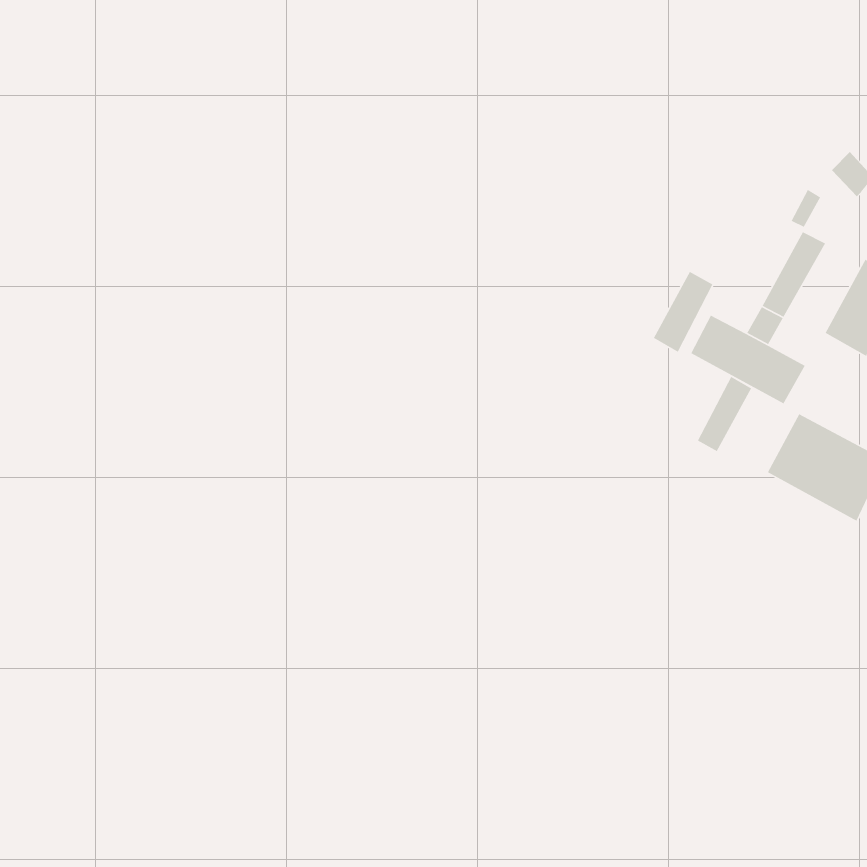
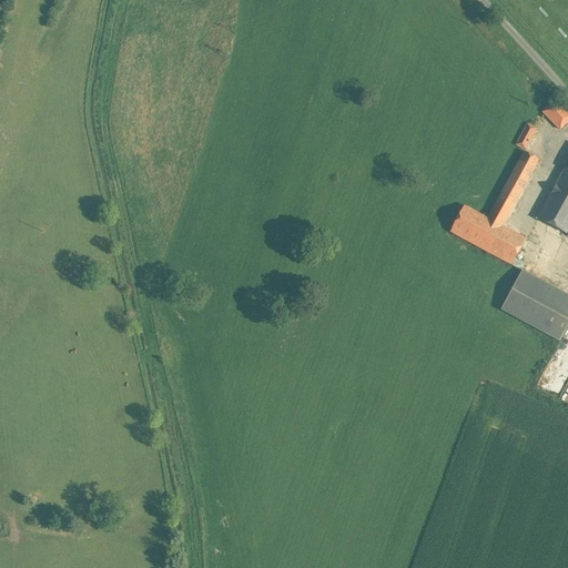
building: [653,271,714,353] -> none
building: [697,376,752,452] -> none

